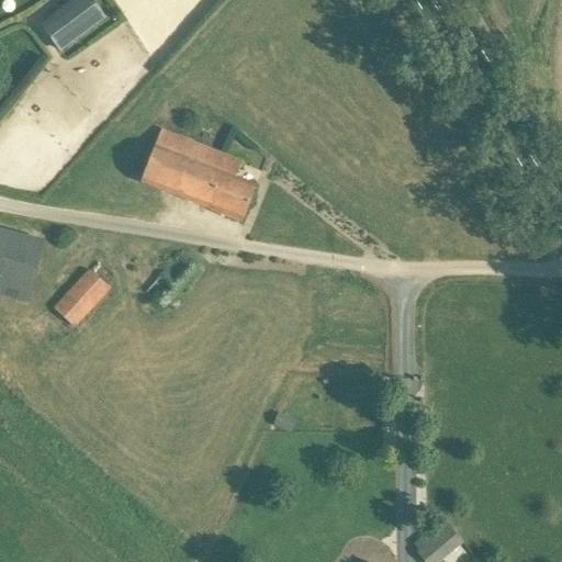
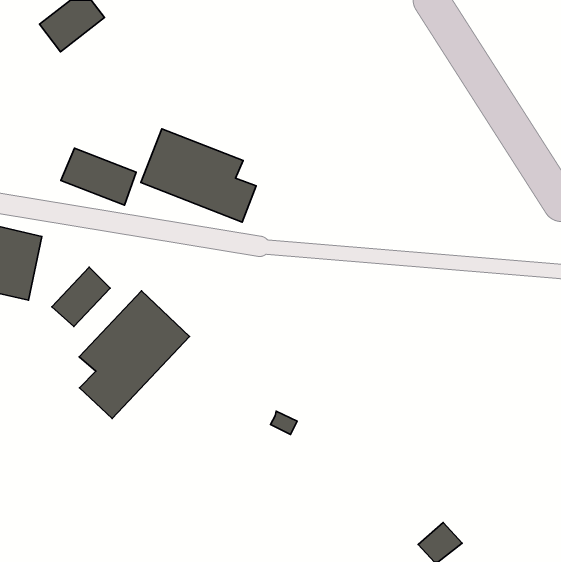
building: none -> [61,148,136,205]
building: none -> [79,291,190,418]

